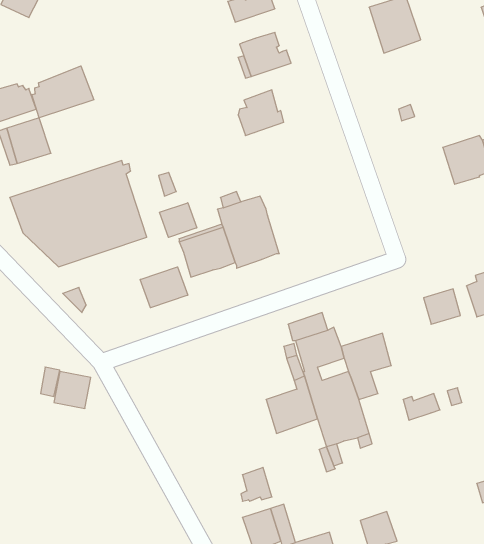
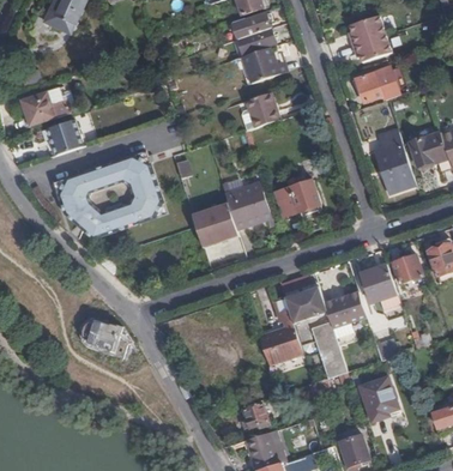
building: none -> [237,26,274,54]
building: none -> [354,67,397,101]
building: [32,66,94,118] -> none
building: none -> [373,132,413,194]
building: none -> [274,176,319,216]
building: [160,203,197,237] -> none
building: [140,267,188,308] -> none
building: none -> [360,264,395,302]
building: none -> [363,376,400,419]

